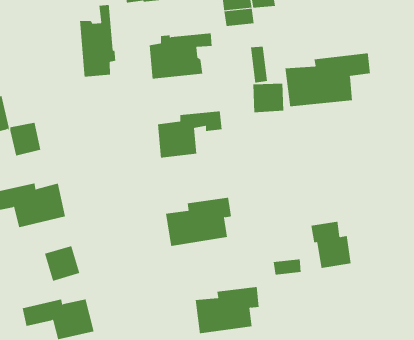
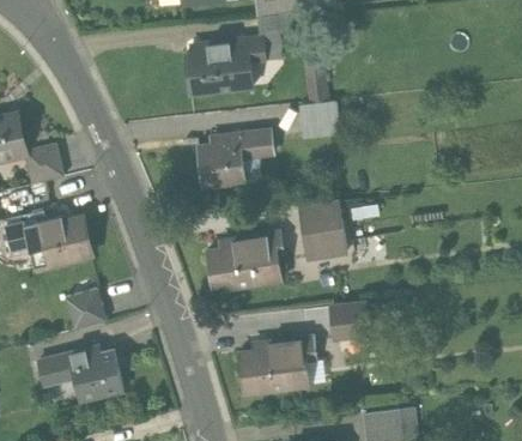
building: [79,4,116,78] -> none
building: [285,52,371,107] -> none
building: [310,221,351,269] -> [299,201,347,256]

